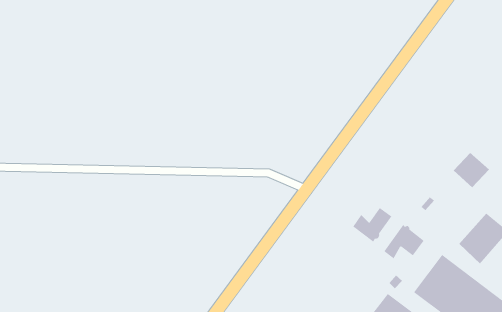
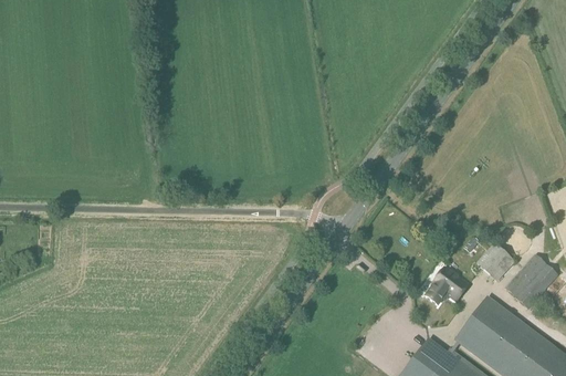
building: [453,152,490,188] -> [476,240,516,279]
building: [352,207,392,242] -> none

